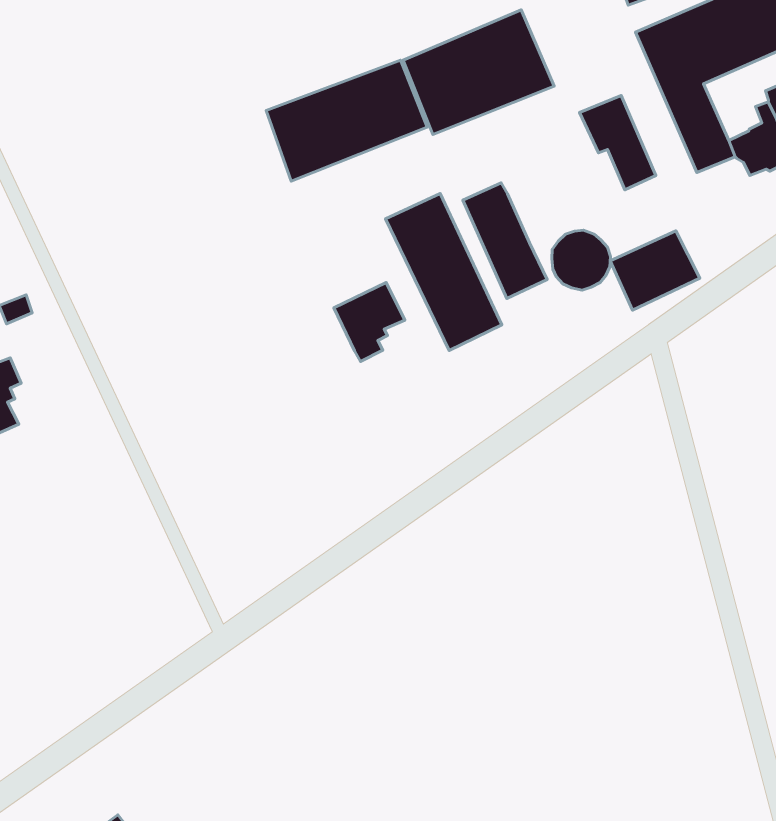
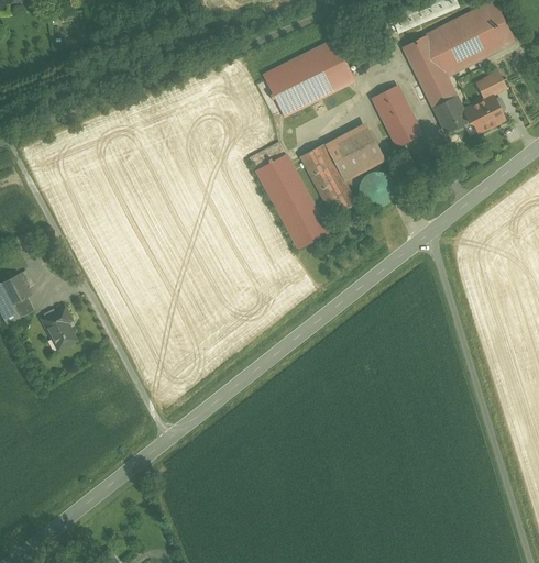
building: [266,60,427,181] -> none
building: [610,231,700,310] -> [329,130,385,180]
building: [334,283,405,362] -> none
building: none -> [43,306,77,350]

